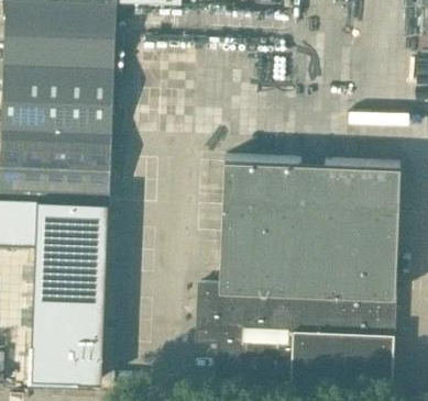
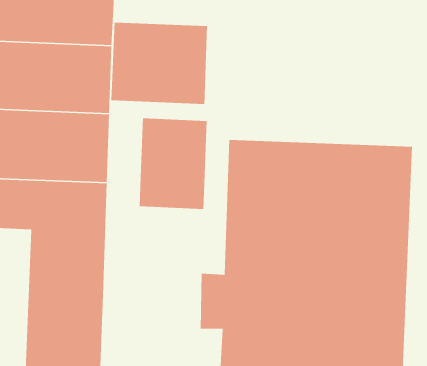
building: none -> [110,22,208,105]
building: none -> [139,118,208,210]

